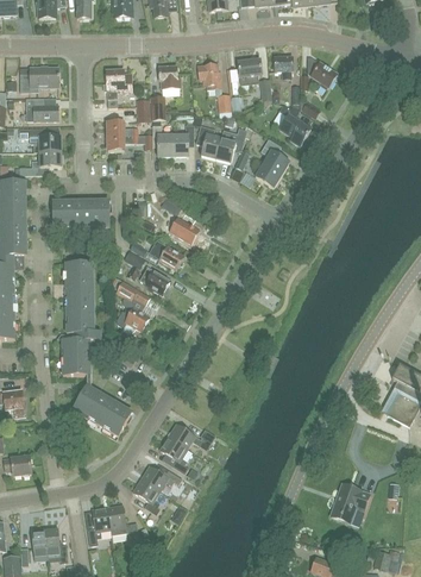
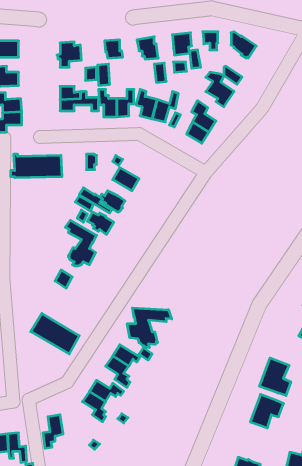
building: [61,262,100,375] -> none
building: none -> [127,308,172,348]
building: none -> [260,358,291,396]
building: [106,503,138,539] -> none

